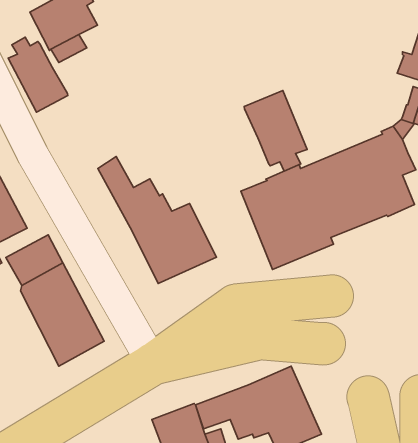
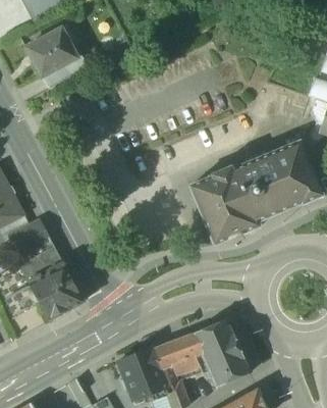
building: [8,37,68,112] -> none
building: [244,91,307,171] -> none
building: [98,157,217,283] -> none

